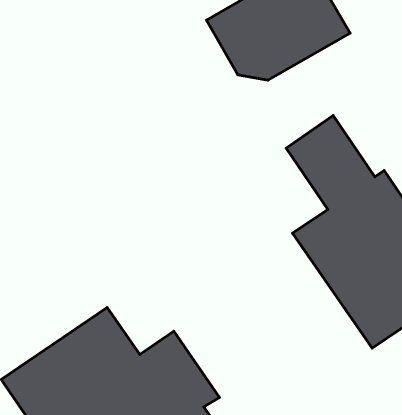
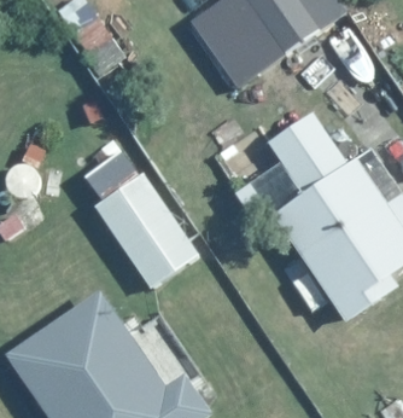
building: none -> [83,147,199,289]

